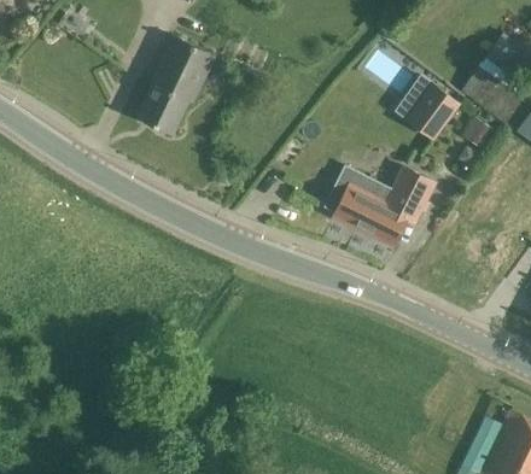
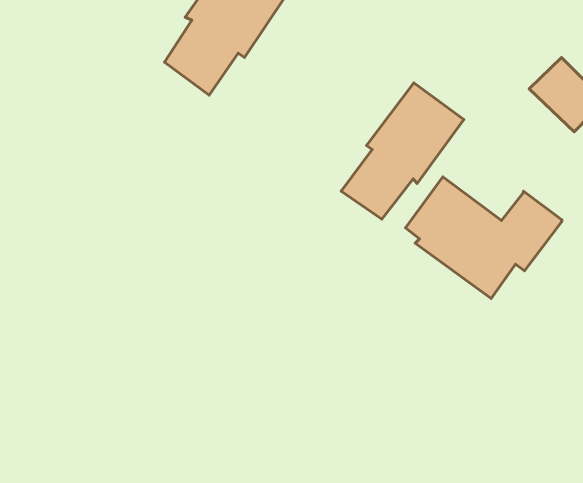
building: none -> [341,83,464,219]

